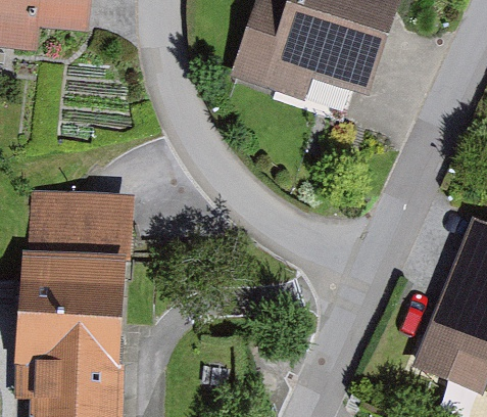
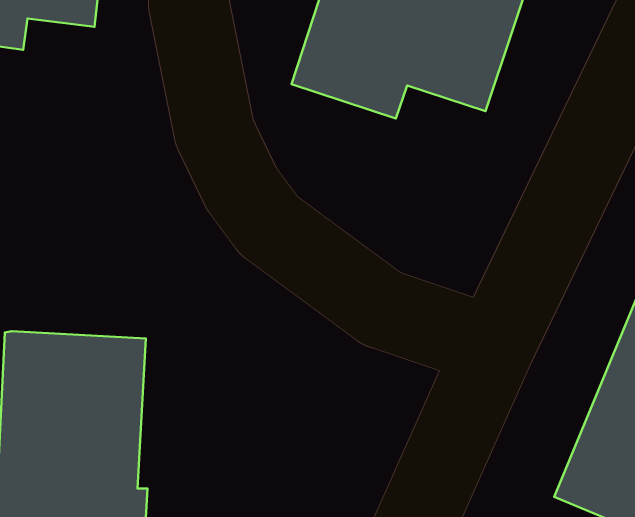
building: [28,190,134,256] -> none

